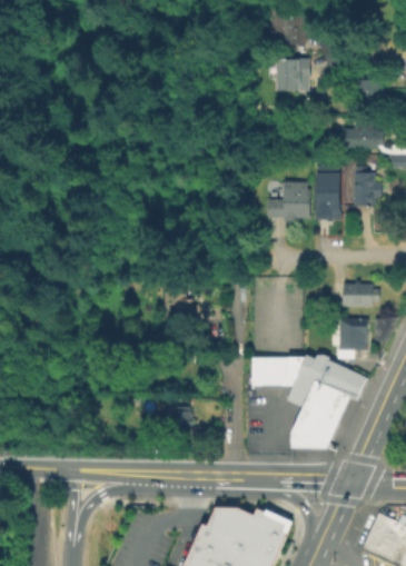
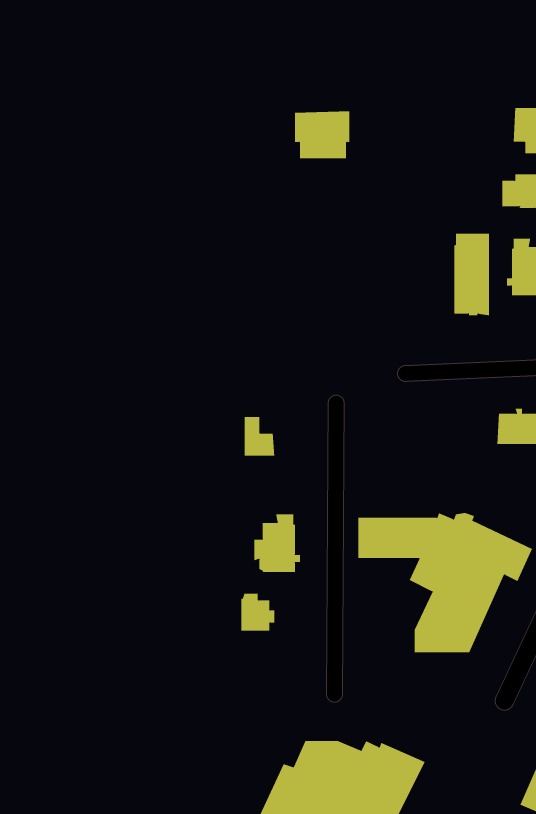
building: [276,16,308,47] -> none
building: [273,60,310,92] -> [294,111,350,159]
building: [268,183,311,222] -> none
building: [337,318,365,348] -> none
building: none -> [254,514,300,573]

